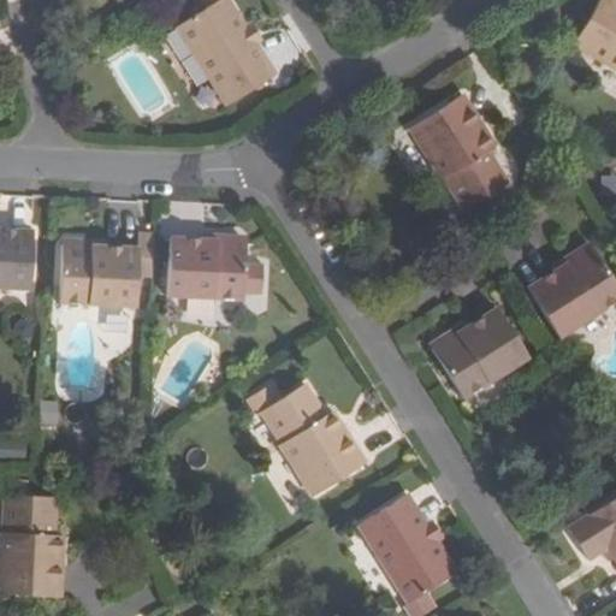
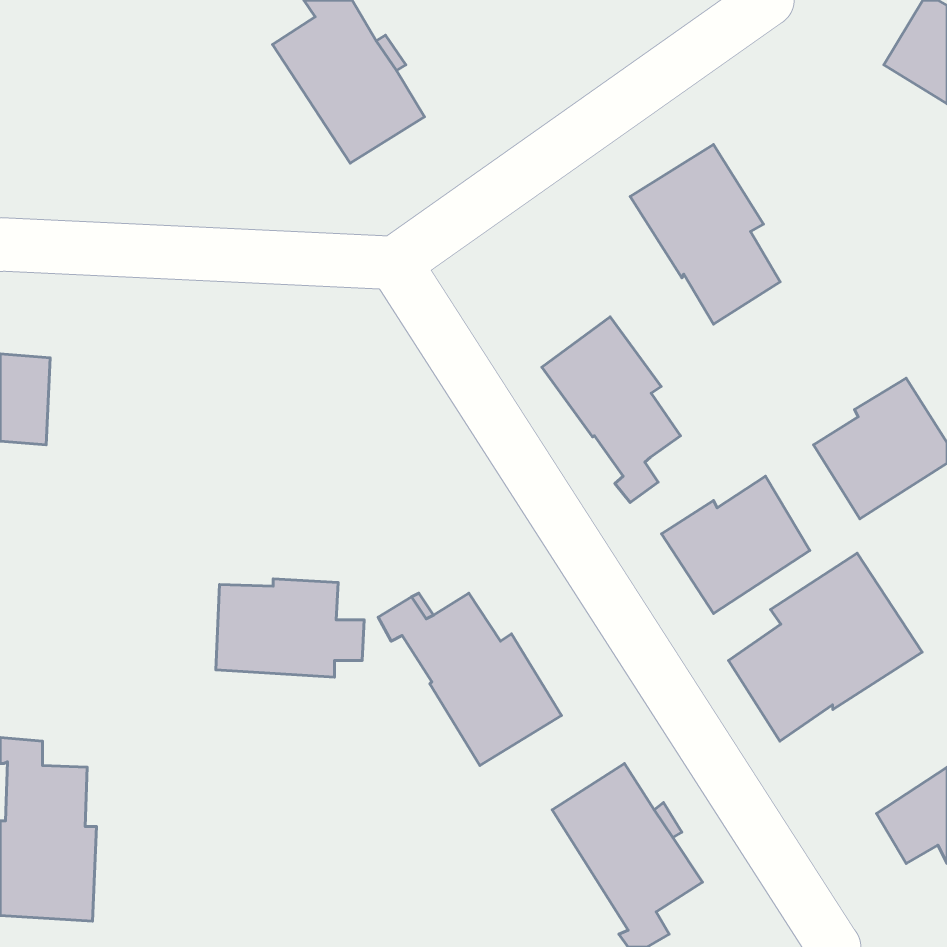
building: none -> [542,317,681,503]
building: [167,236,263,300] -> [216,579,364,677]
building: [58,242,155,307] -> none
building: none -> [728,553,922,741]

